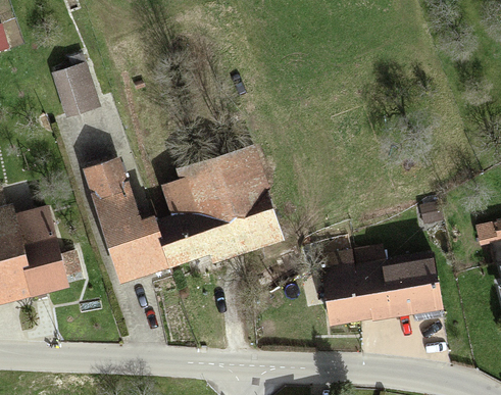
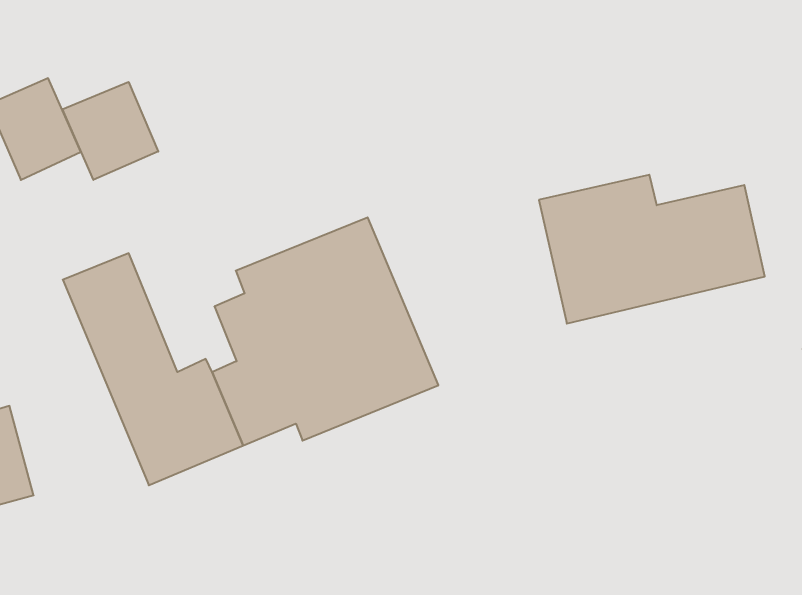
building: none -> [62,82,158,180]
building: [322,248,440,325] -> [539,175,765,324]

